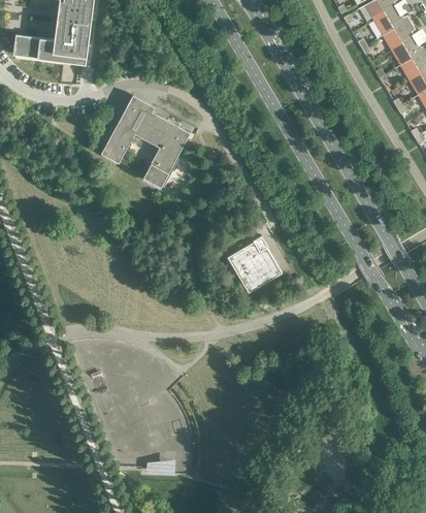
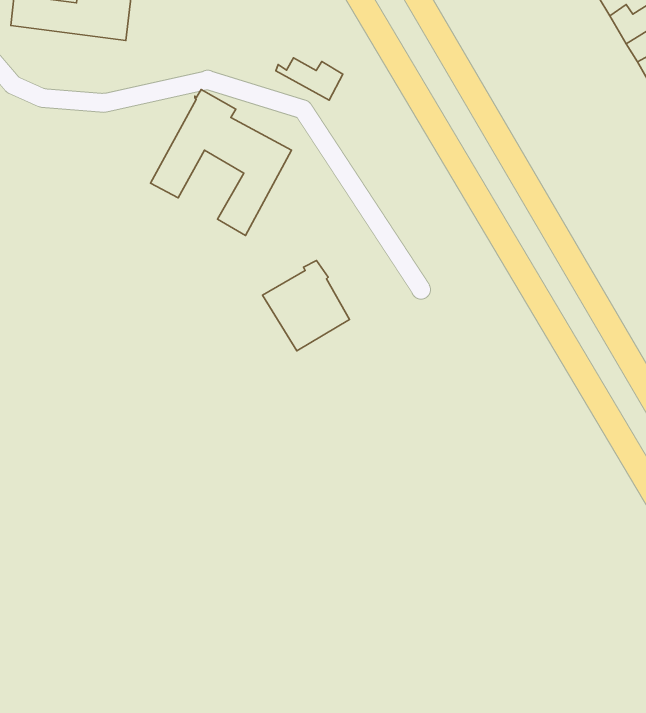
building: none -> [276,58,343,100]
building: [227,236,282,293] -> [262,261,349,351]

